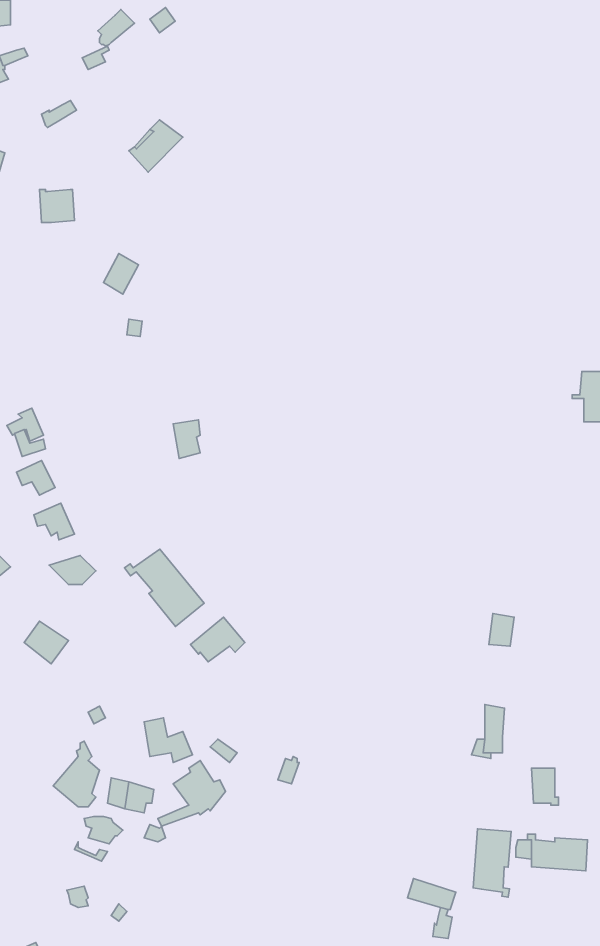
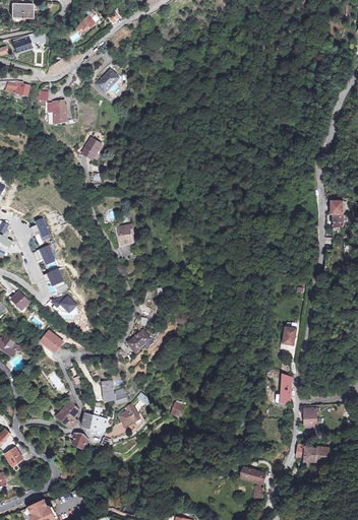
building: [125,549,204,627] -> none
building: [473,829,511,897] -> none

